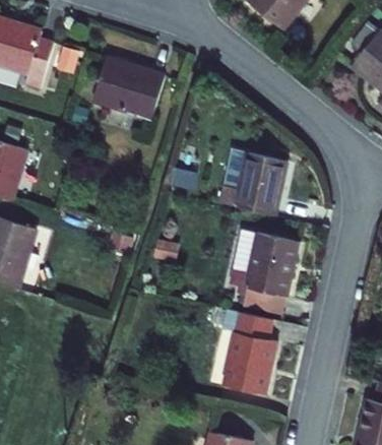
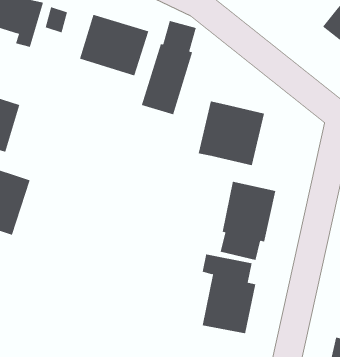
building: none -> [141,20,197,115]

